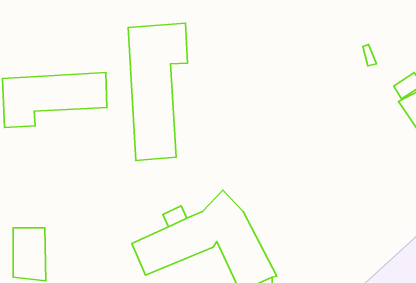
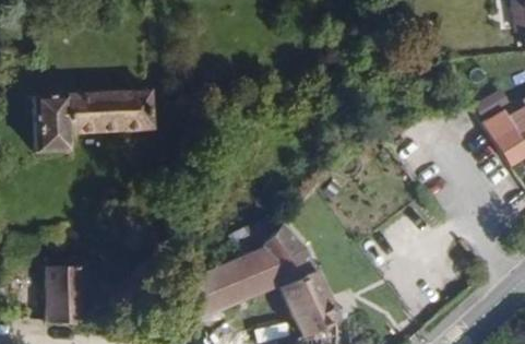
building: [128,23,187,161] -> none

